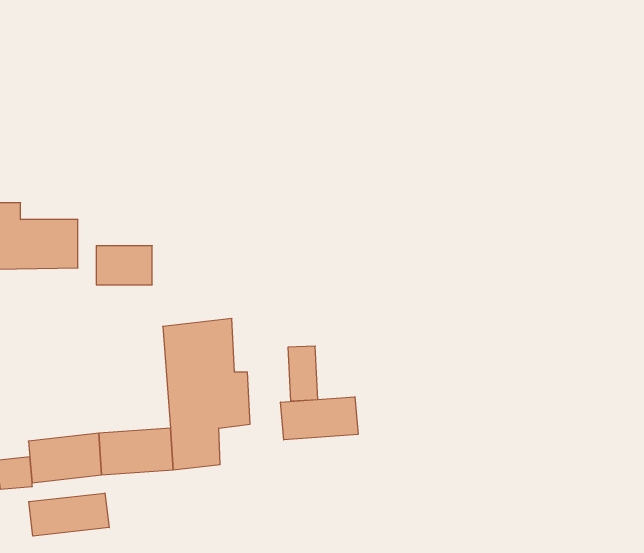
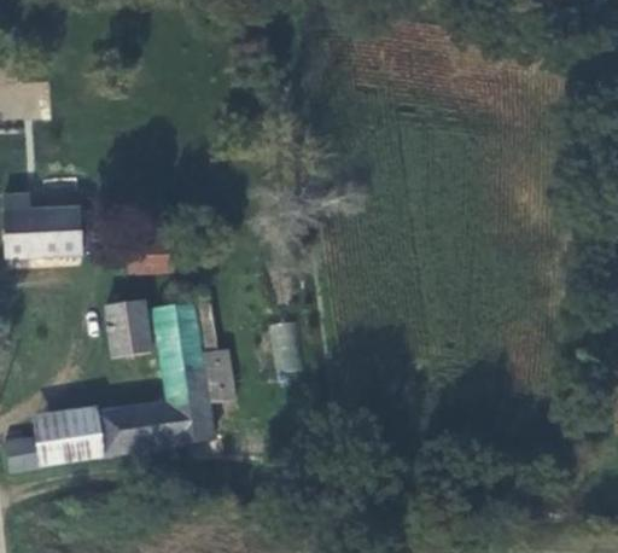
building: none -> [103,299,152,355]
building: [281,397,358,440] -> none
building: [29,493,109,536] -> none

